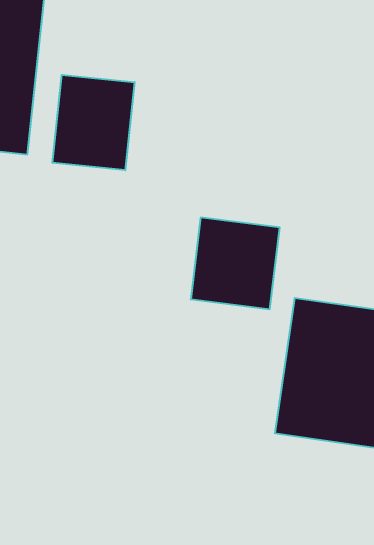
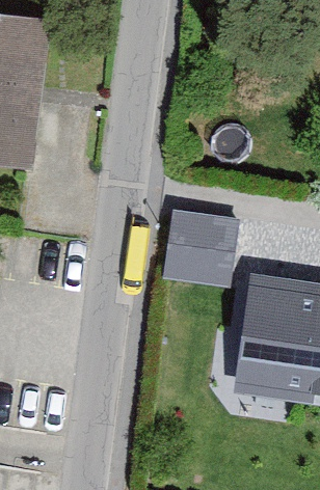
building: [53,75,135,170] -> none

